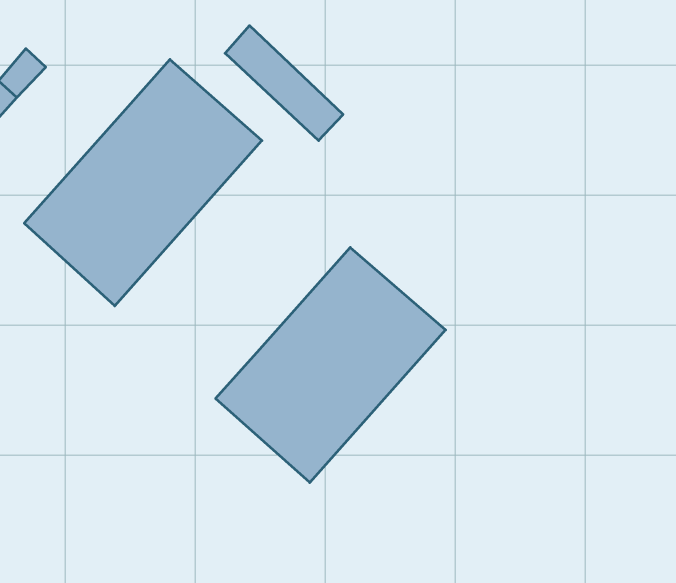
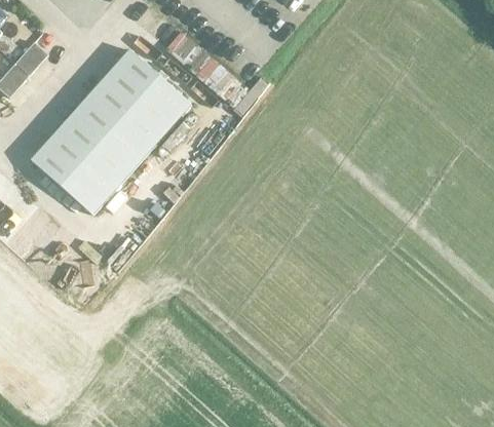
building: [216,247,446,483] -> none

